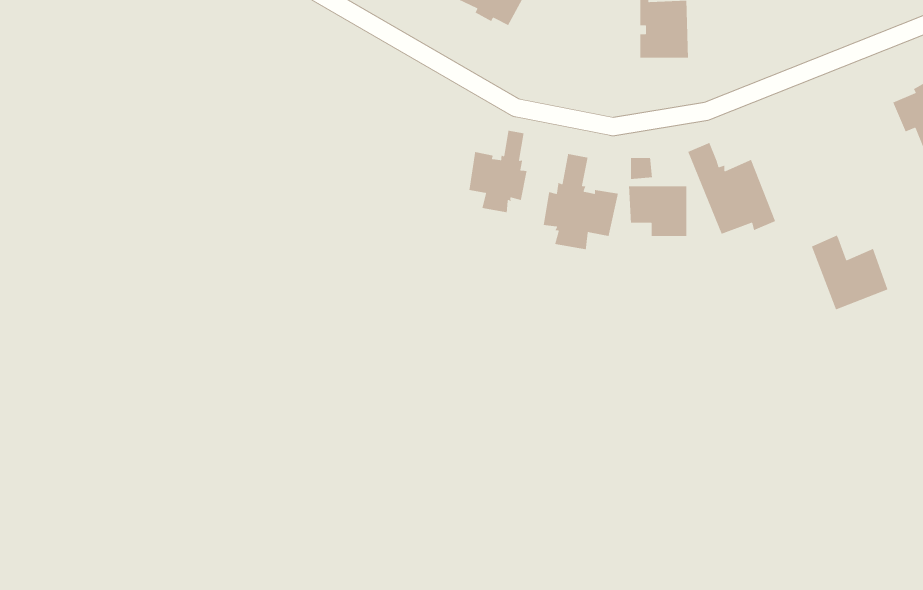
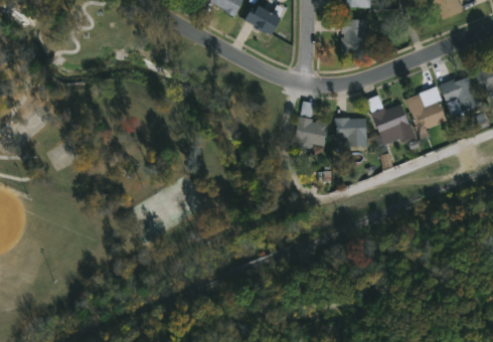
building: none -> [439,74,479,115]
building: [468,130,527,213] -> none
building: [811,235,889,311] -> [405,93,447,133]

